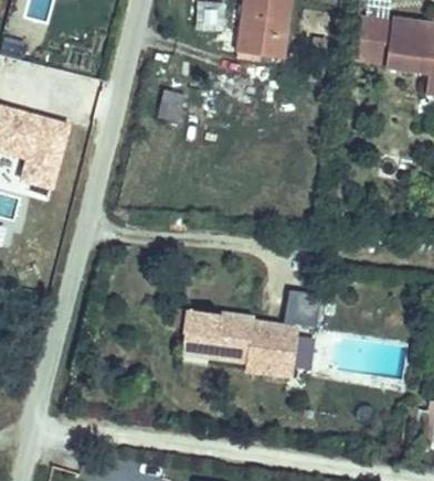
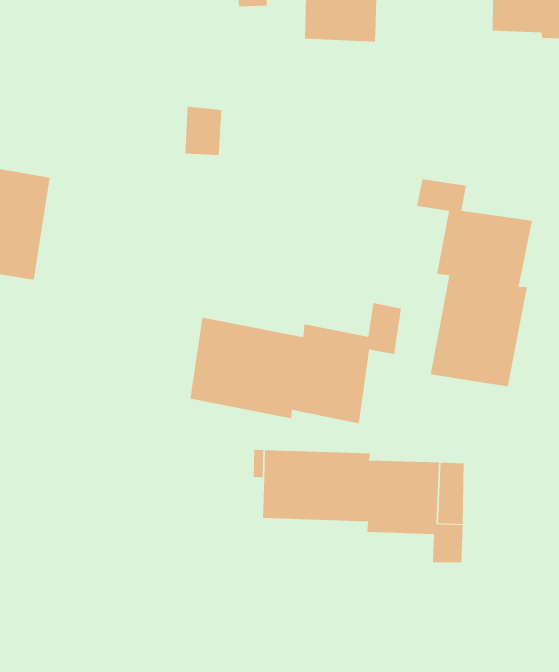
building: none -> [416,179,532,387]
building: none -> [190,302,401,424]
building: [283,290,320,327] -> none

